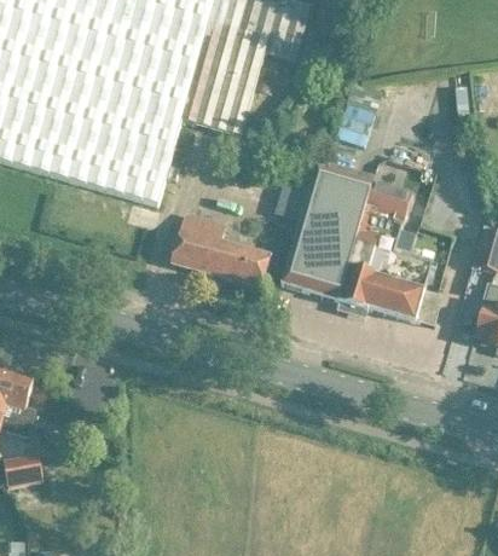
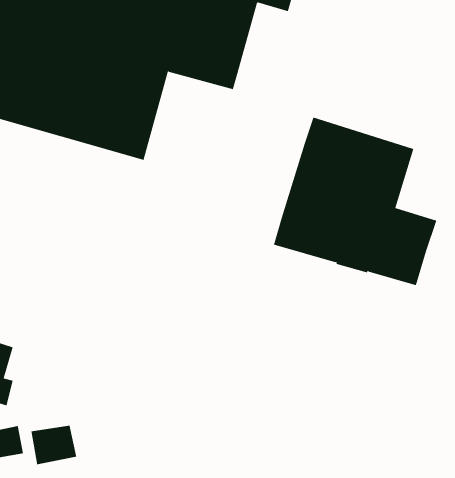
building: [170,213,271,288] -> none
building: none -> [31,425,77,465]

